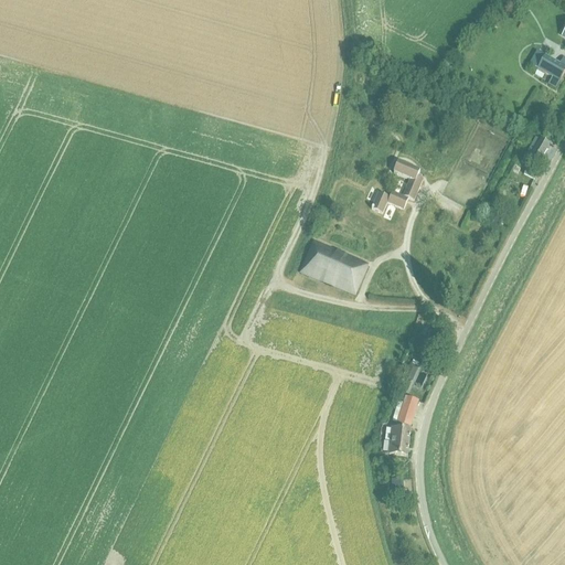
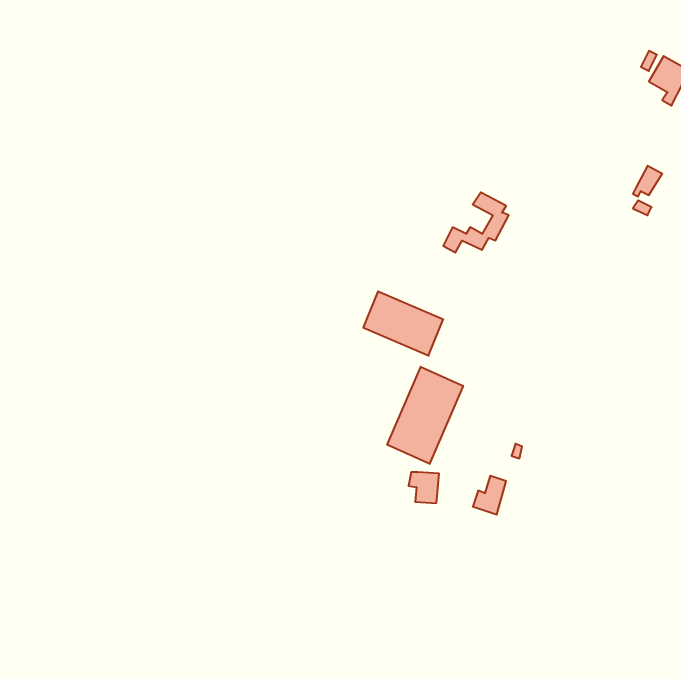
building: none -> [387,367,463,464]
building: [385,427,411,452] -> [408,472,439,503]

